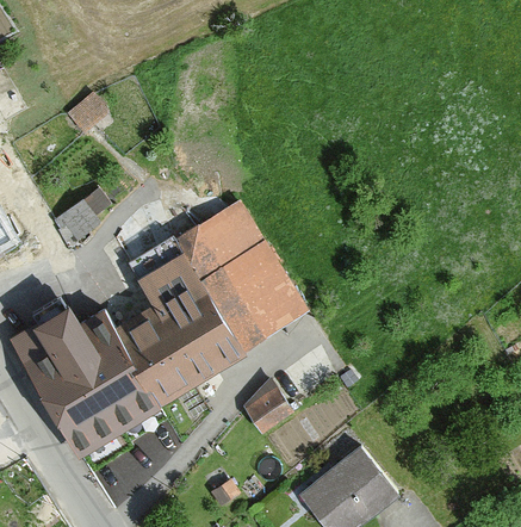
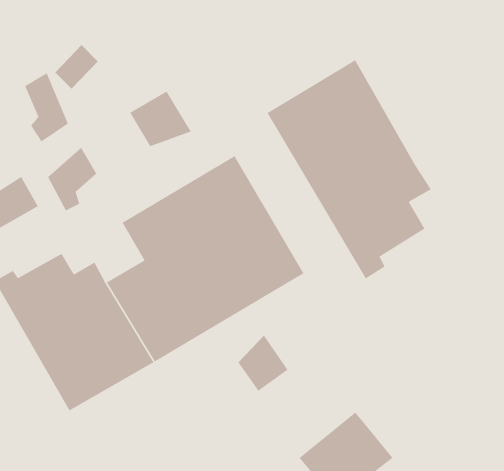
building: none -> [267,59,432,279]
building: none -> [24,72,69,142]
building: none -> [129,91,192,147]

